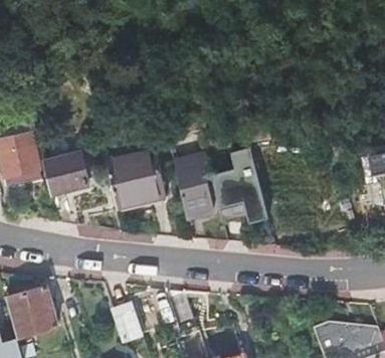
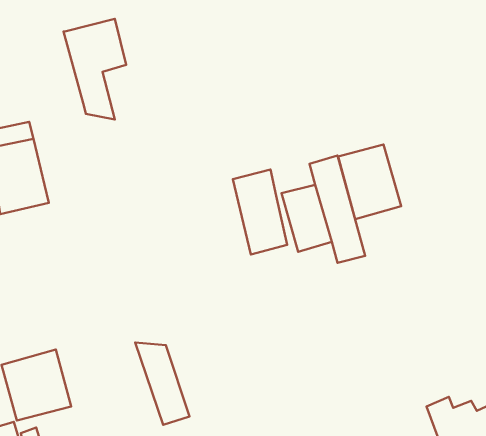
building: none -> [338,145,401,219]
building: [103,150,162,207] -> none
building: [41,152,86,224] -> [63,19,126,119]

